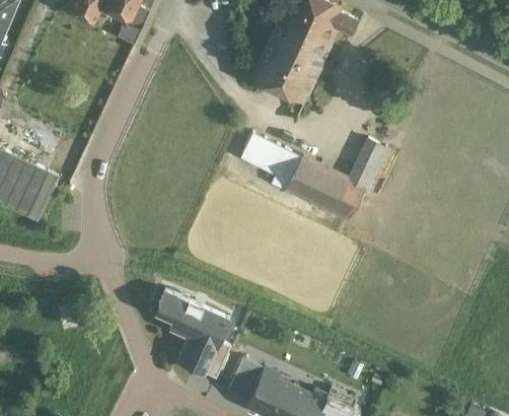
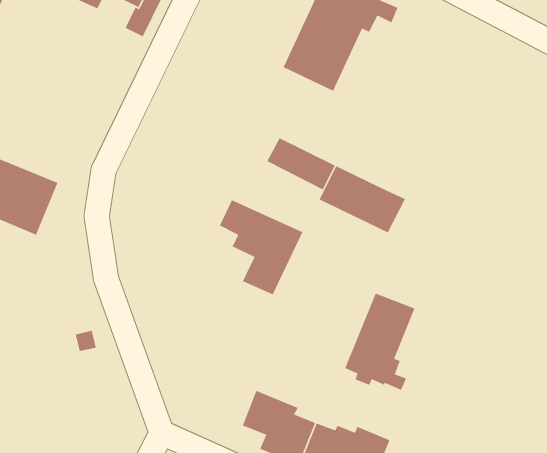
building: [347,139,386,190] -> none
building: none -> [344,292,416,391]
building: [155,289,229,373] -> [219,199,304,296]

